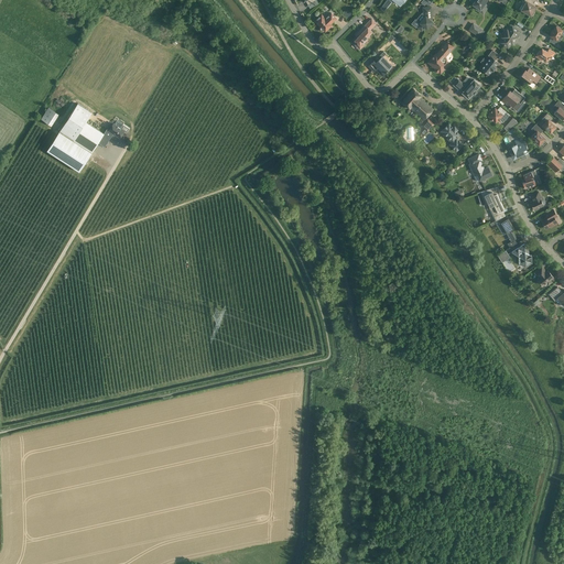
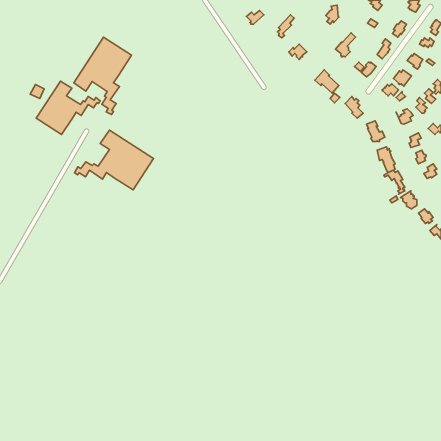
building: none -> [74,37,132,115]
building: none -> [75,130,153,190]

